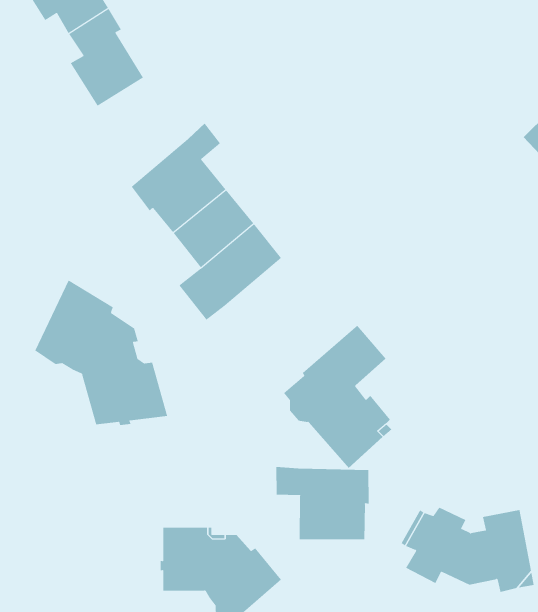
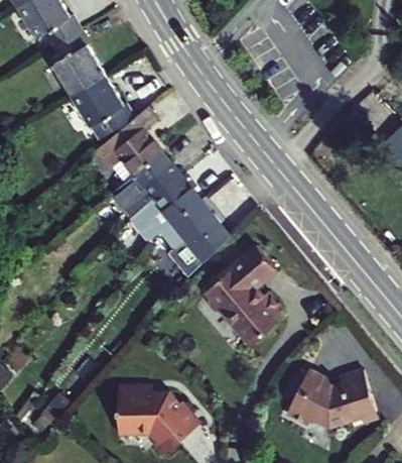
building: none -> [73,76,135,139]
building: none -> [161,201,229,273]
building: [34,280,168,426] -> none
building: [276,466,369,540] -> none

